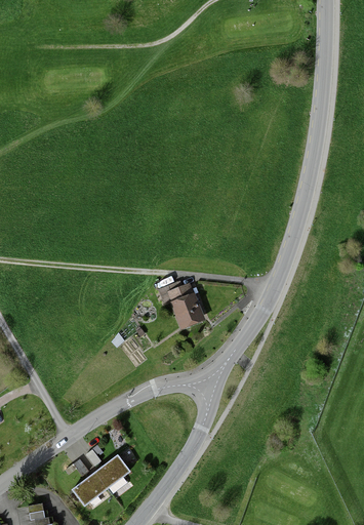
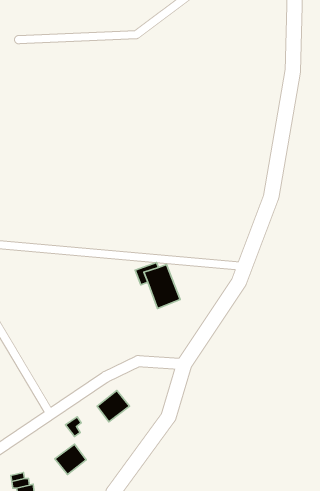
building: [93,455,127,488] -> [97,391,129,422]

